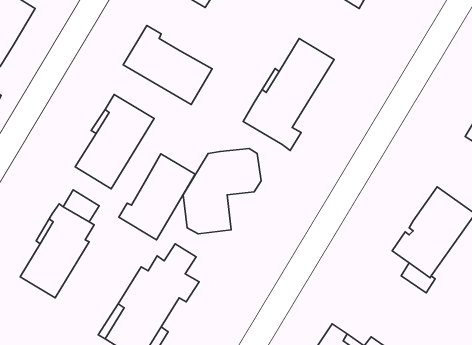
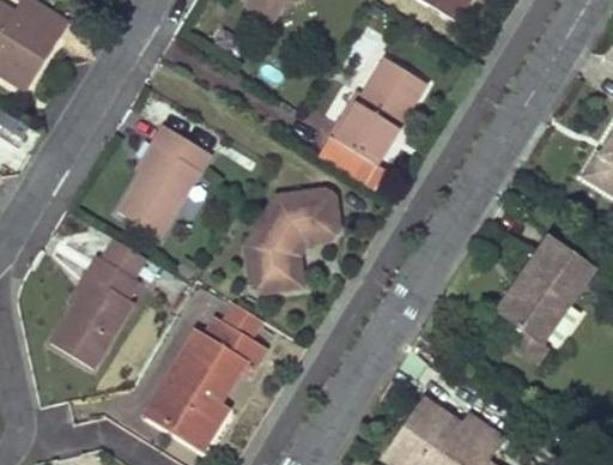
building: [123,25,212,105] -> none
building: [119,154,195,240] -> none

